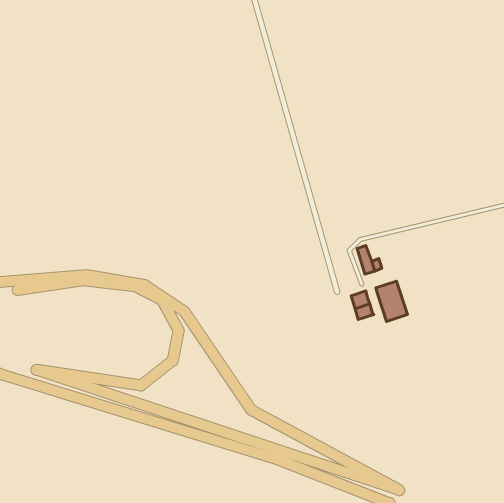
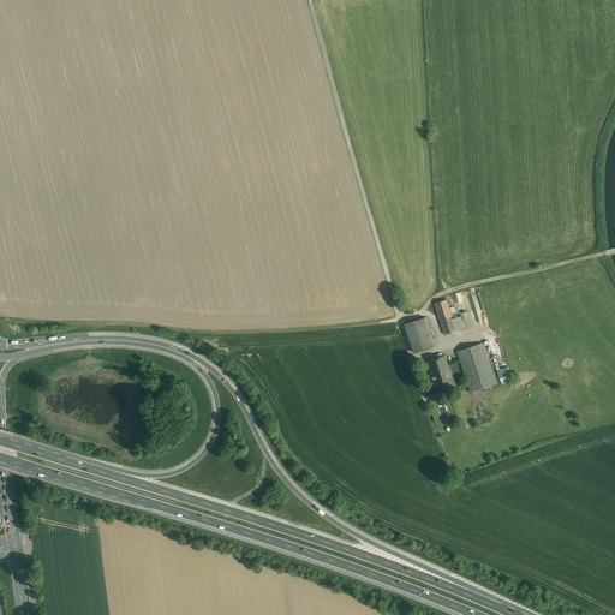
building: none -> [405,317,431,352]

